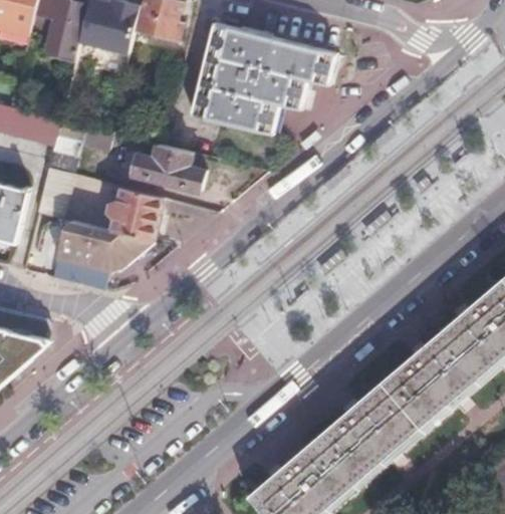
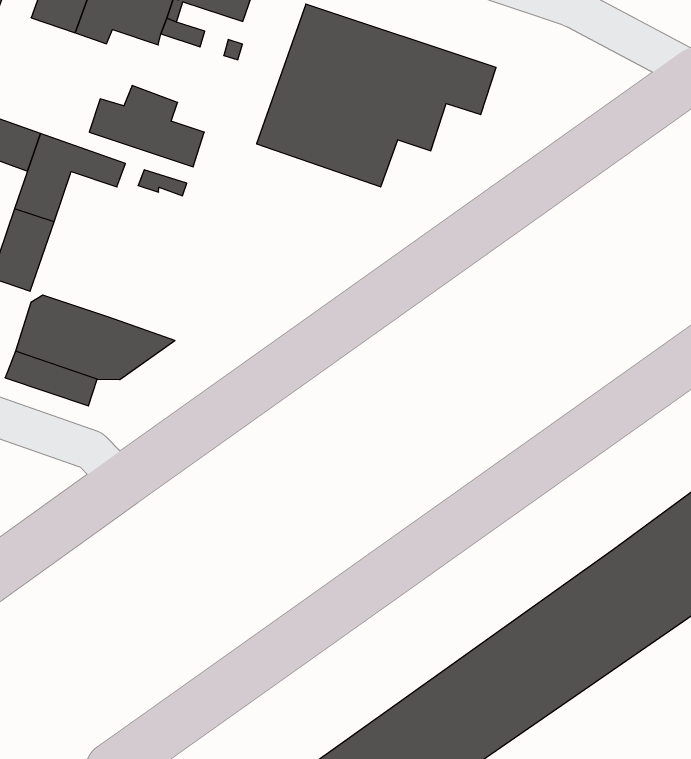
building: [131,143,202,190] -> [89,86,204,167]
building: [104,185,160,239] -> none

